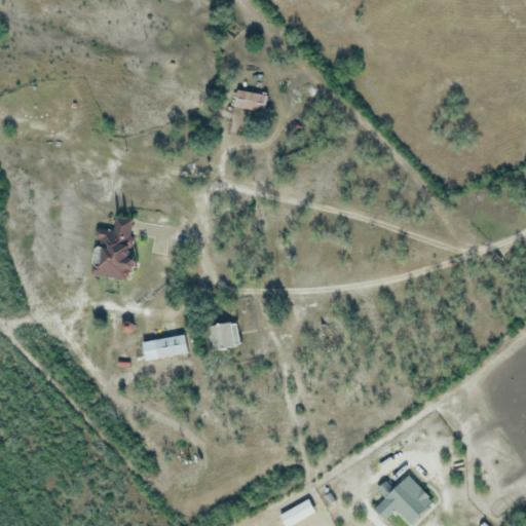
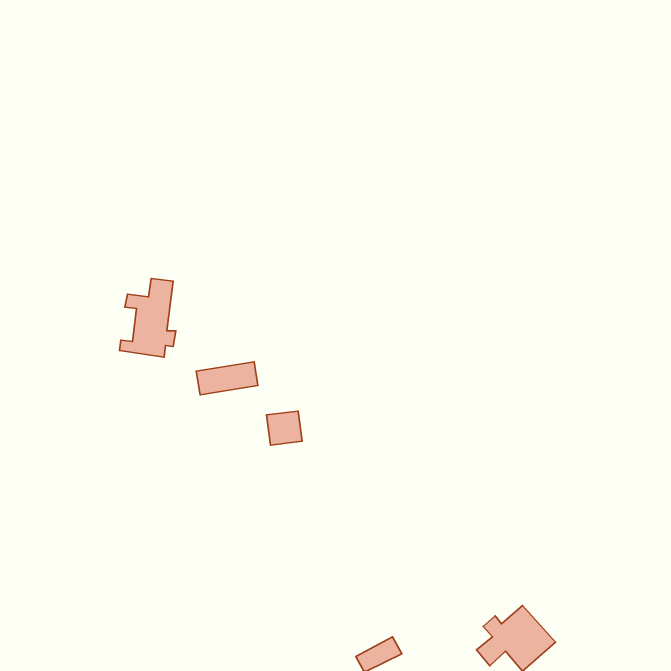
building: [233,88,269,111] -> none
building: [142,334,190,360] -> [196,362,258,395]

